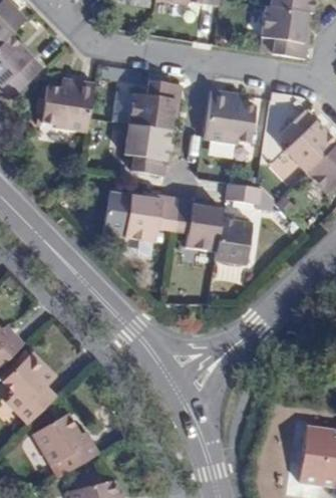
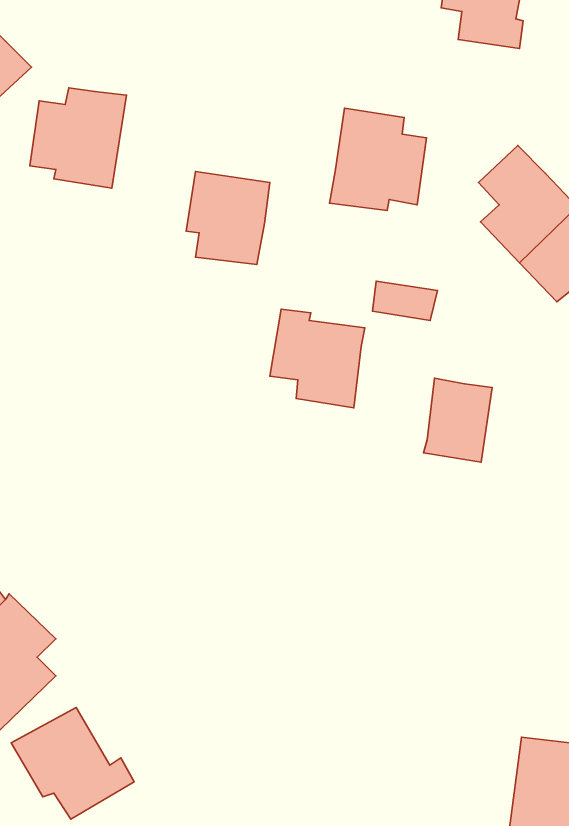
building: [130,79,182,130] -> none
building: [103,191,177,242] -> none
building: [214,218,251,263] -> [423,378,492,462]

